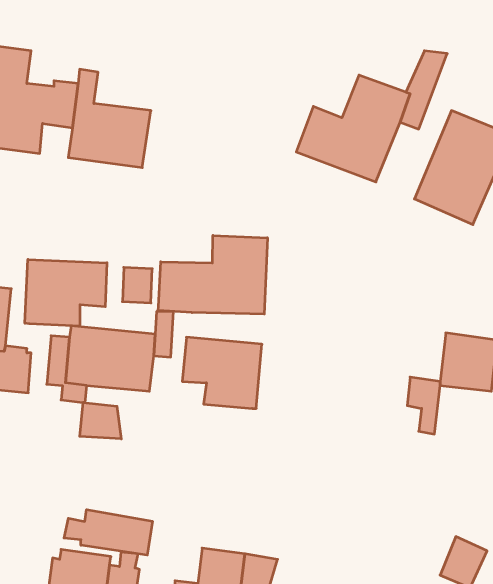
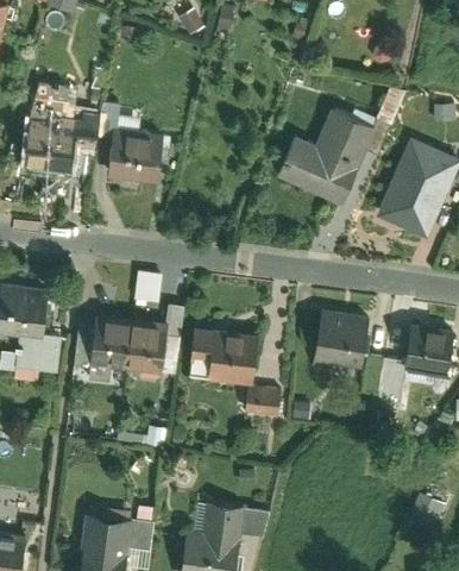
building: [158,235,267,314] -> none
building: [25,259,107,326] -> none
building: none -> [314,310,372,368]
building: [80,402,121,439] -> none
building: none -> [245,387,281,418]
building: [64,510,152,555] -> none

